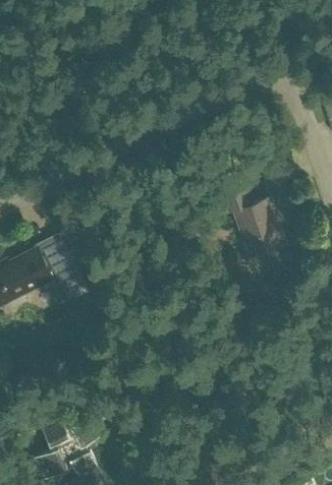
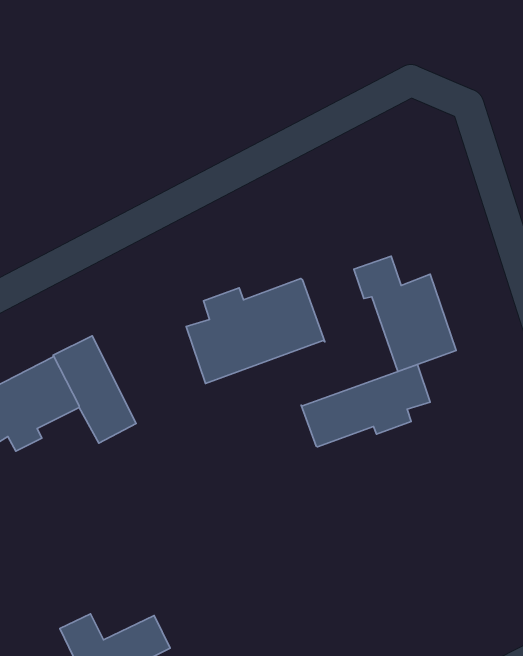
building: none -> [186,278,325,383]
building: none -> [301,365,430,447]

